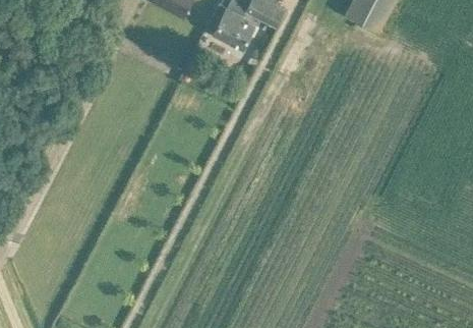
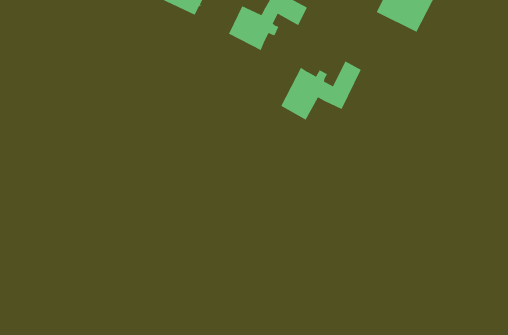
building: none -> [280,61,362,121]

